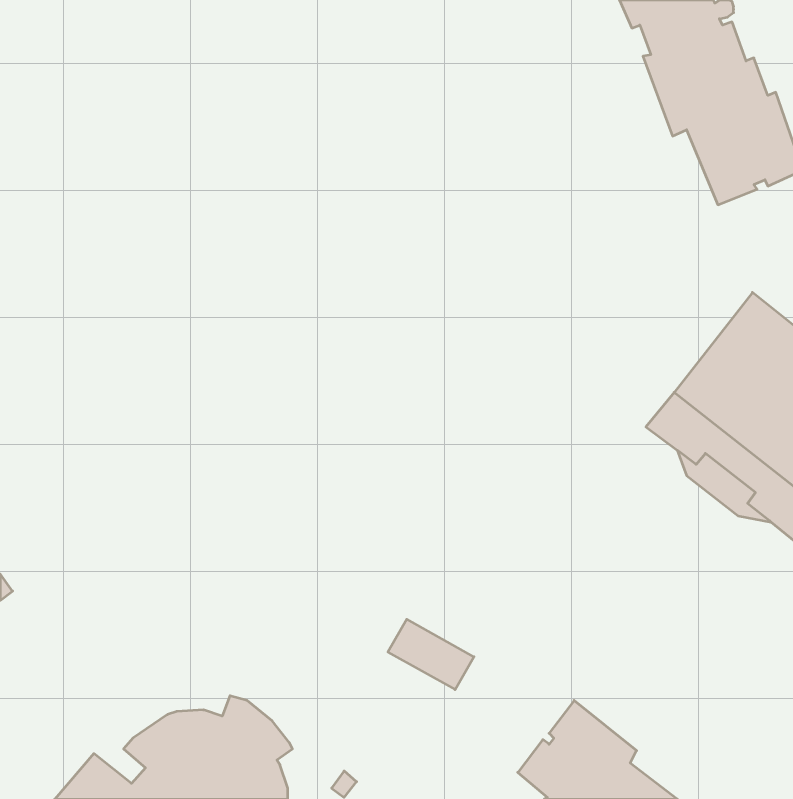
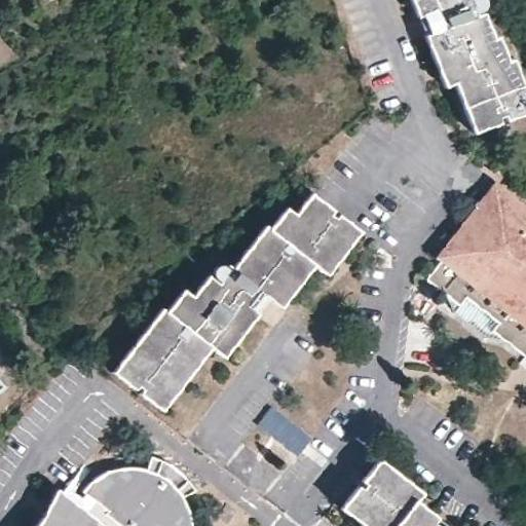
building: none -> [117,195,361,411]

